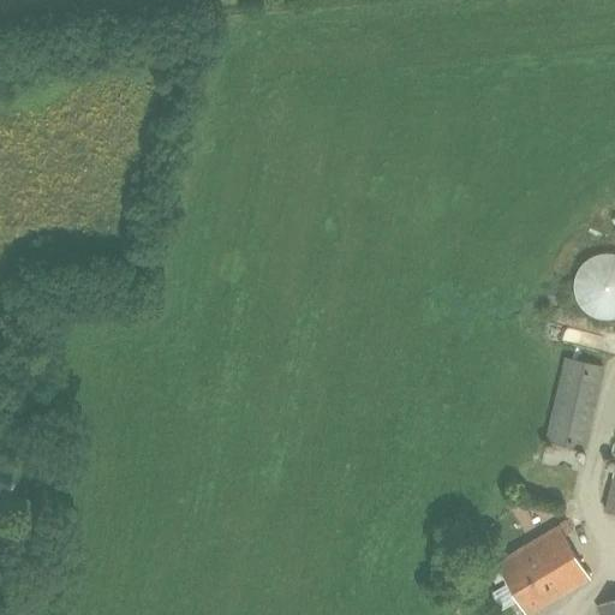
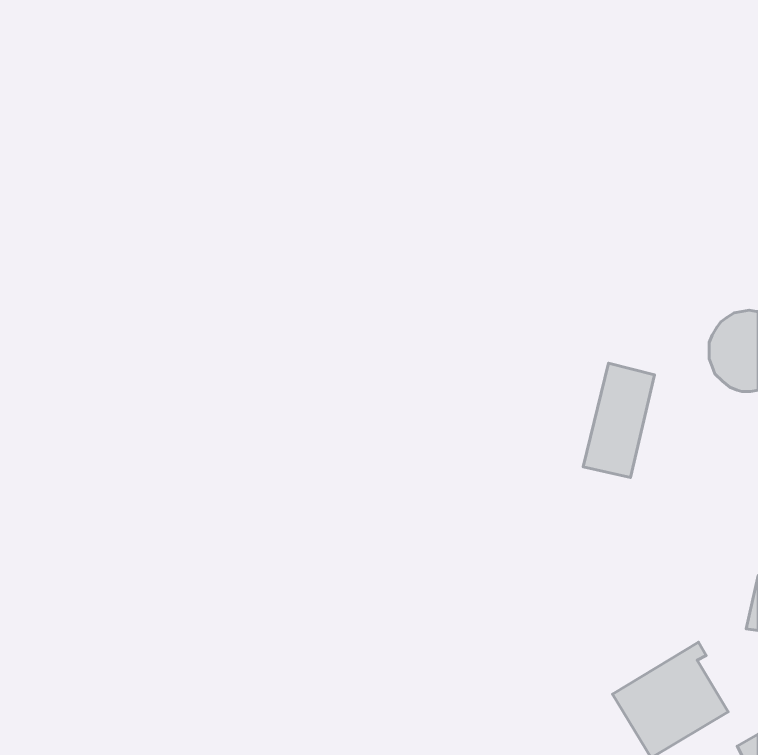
building: [545,358,603,450] -> [583,363,654,477]

